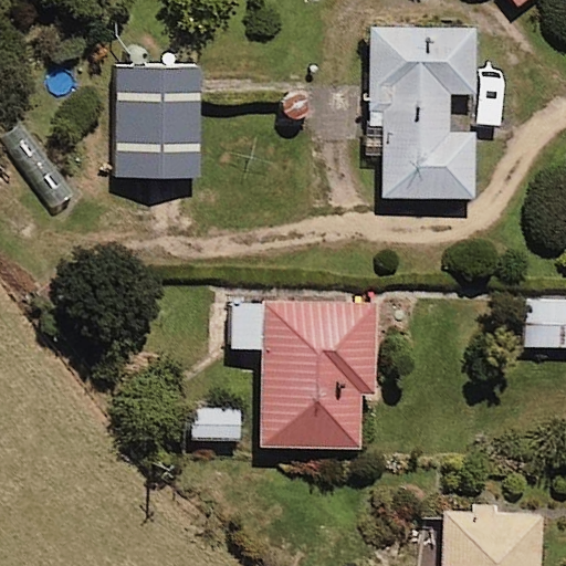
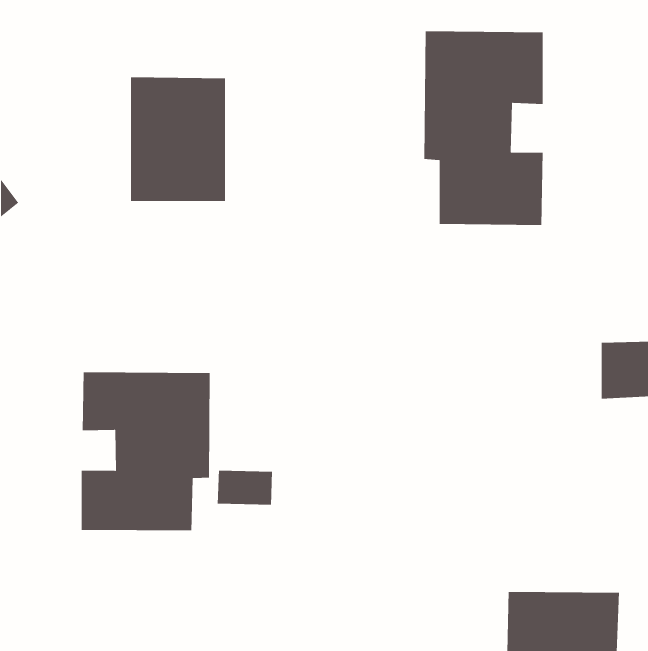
building: [230,302,374,447] -> none
building: none -> [81,372,211,531]

